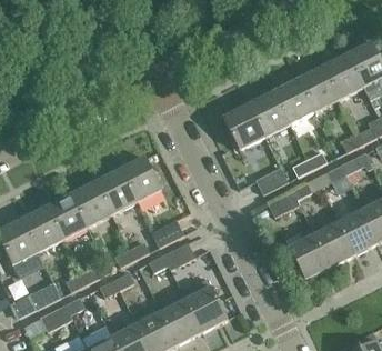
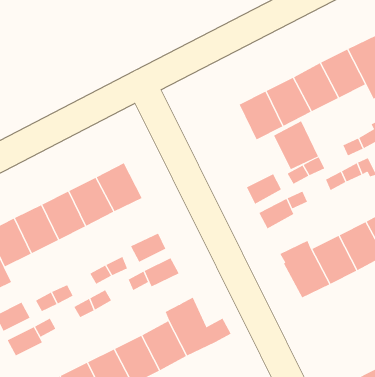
building: [223,104,264,149] -> [273,121,319,170]

